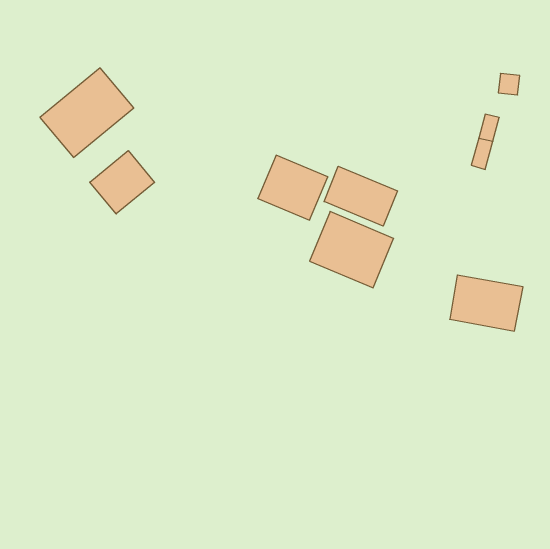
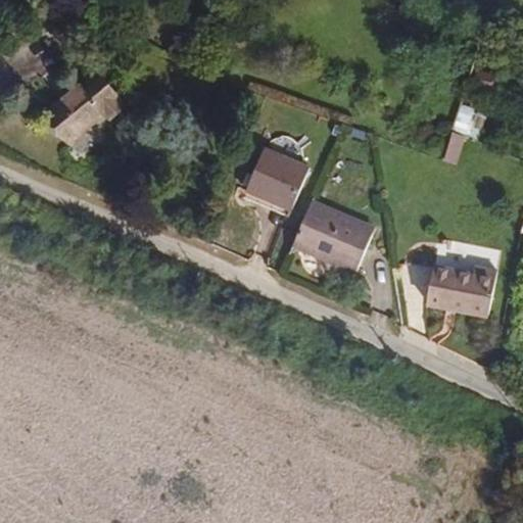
building: [90,151,155,214] -> none
building: [324,166,397,226] -> none

